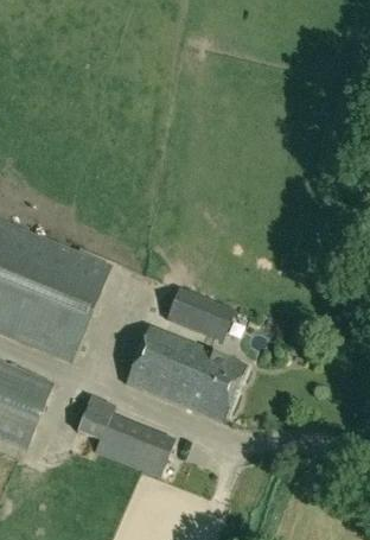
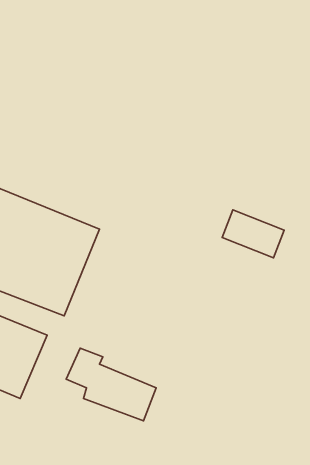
building: [166,287,235,341] -> [222,210,284,258]
building: [126,326,245,423] -> none

